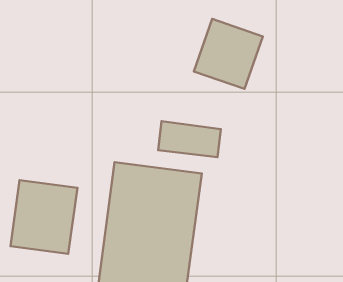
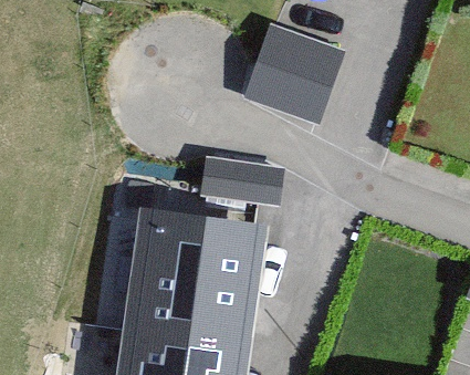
building: [10,180,77,254] -> none

